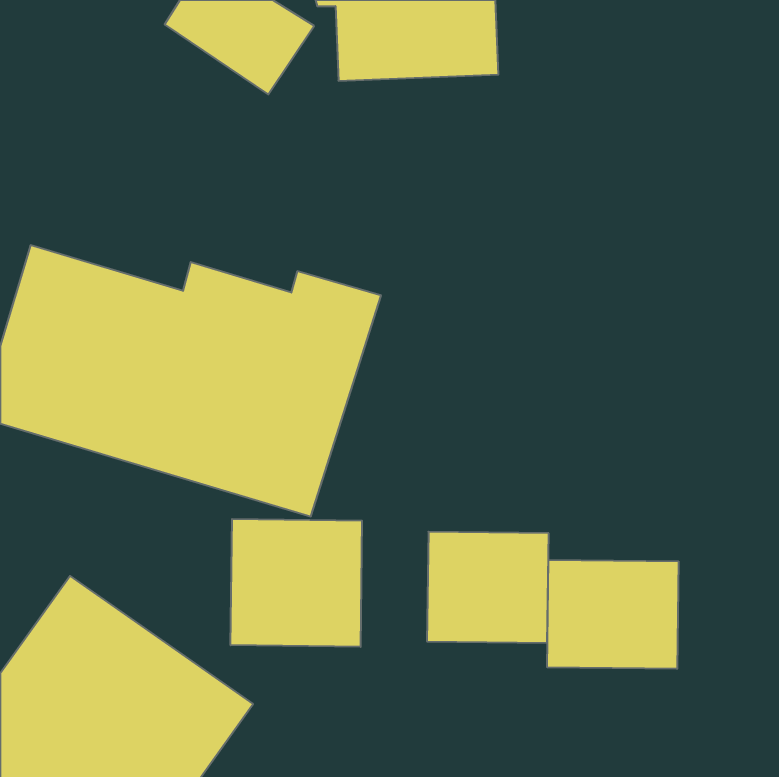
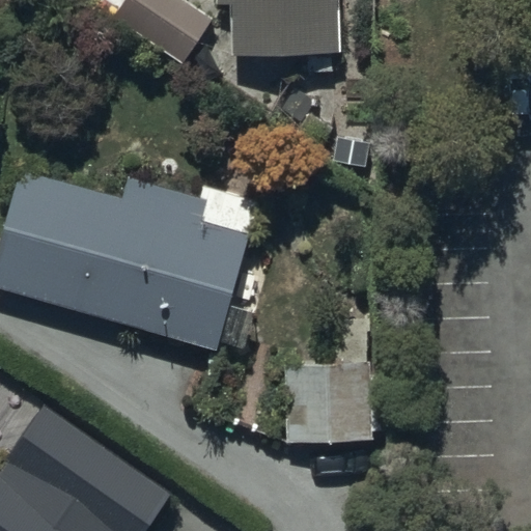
building: [231,519,362,647] -> none
building: [547,560,678,669] -> none

